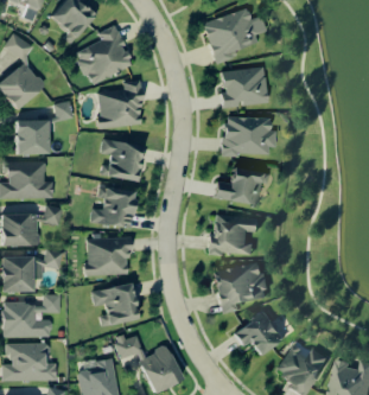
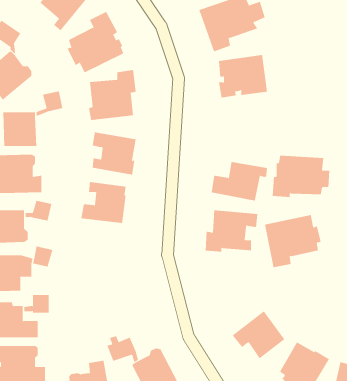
building: [222,115,278,155] -> [272,155,330,197]
building: [85,236,132,275] -> none
building: [215,261,269,312] -> [264,215,321,268]
building: [93,283,138,325] -> none

